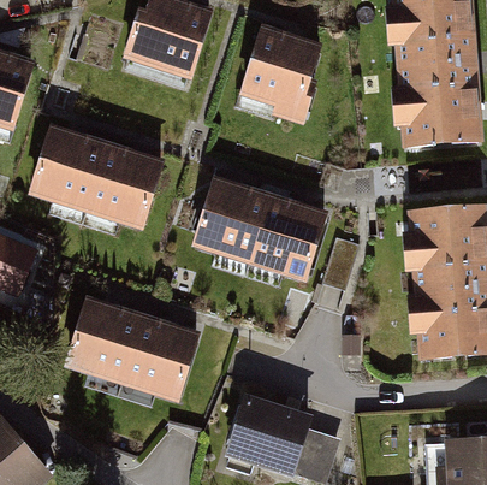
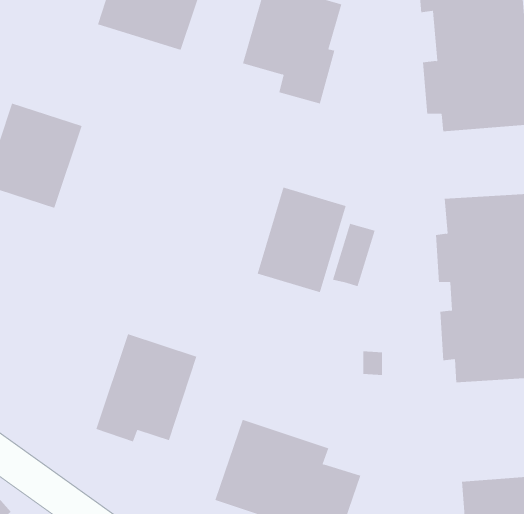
building: [87,144,166,231] -> none
building: [192,177,275,267] -> none
building: [65,297,147,396] -> none

